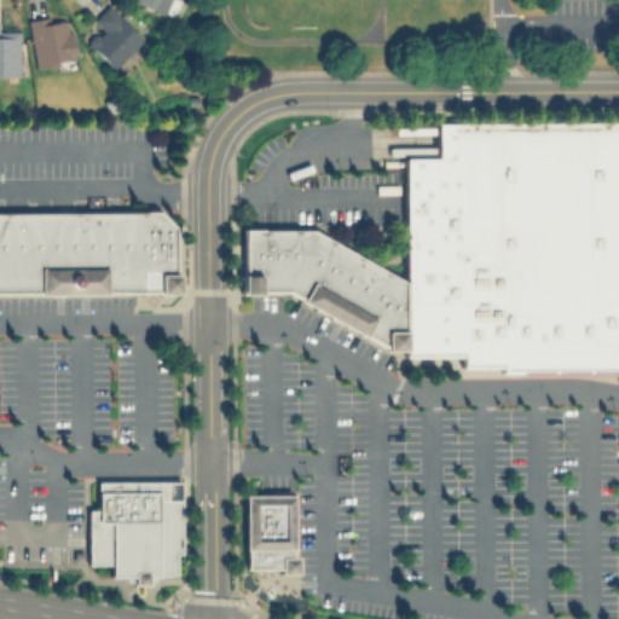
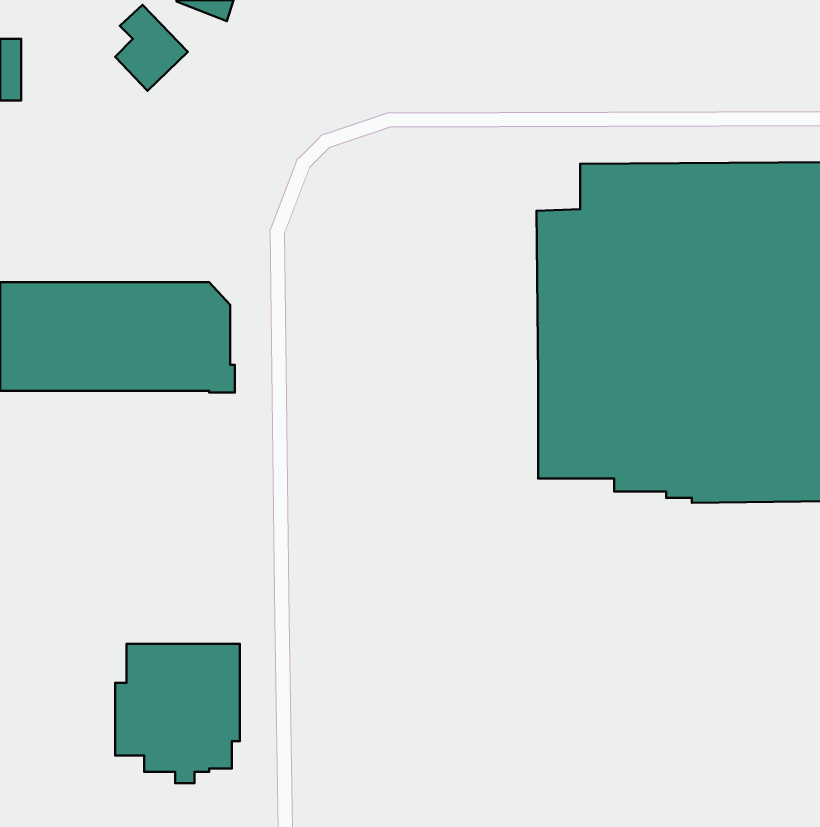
building: [31,15,79,66] -> none
building: [244,230,407,352] -> none
building: [248,494,301,573] -> none

